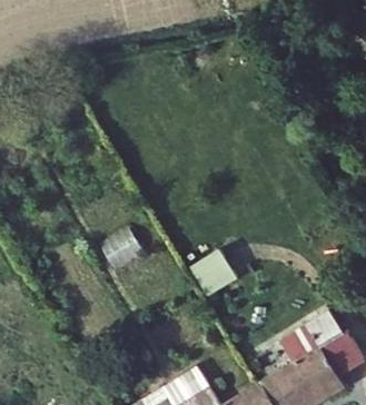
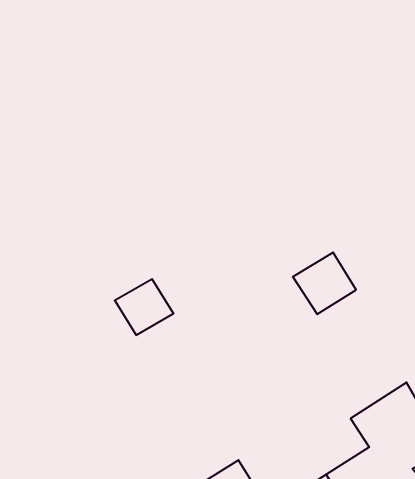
building: [192,251,241,299] -> [293,252,356,314]

